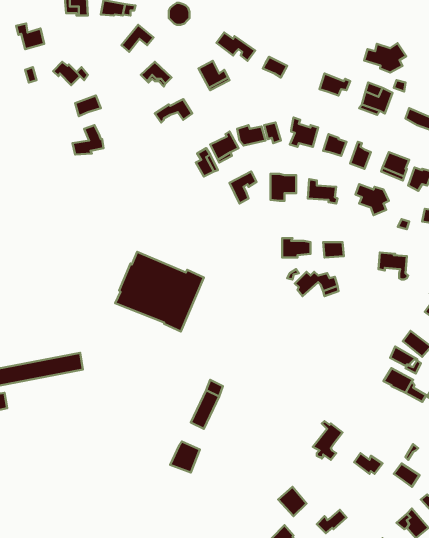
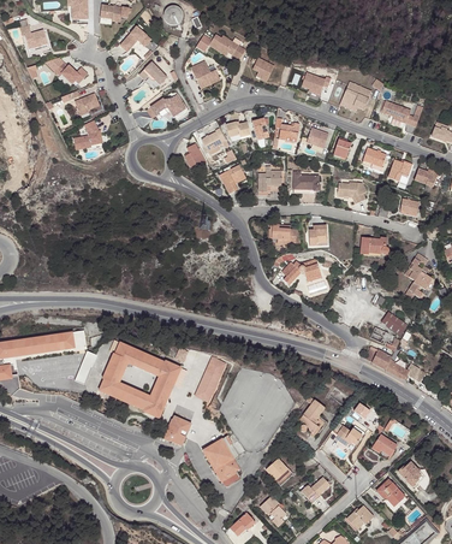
building: [364,43,406,72] -> none
building: [115,252,204,332] -> [99,343,182,418]
building: none -> [206,434,240,481]

